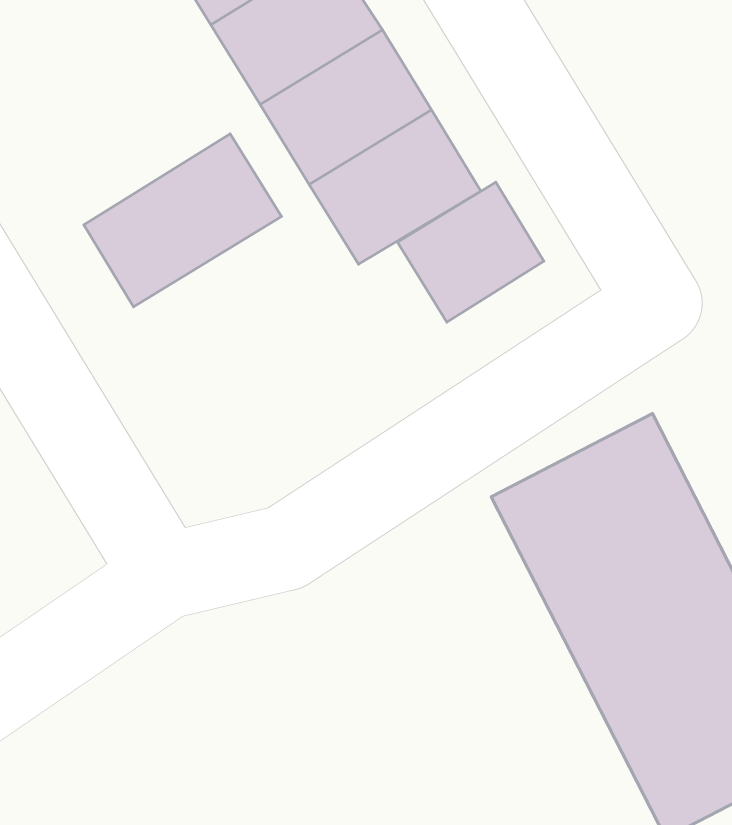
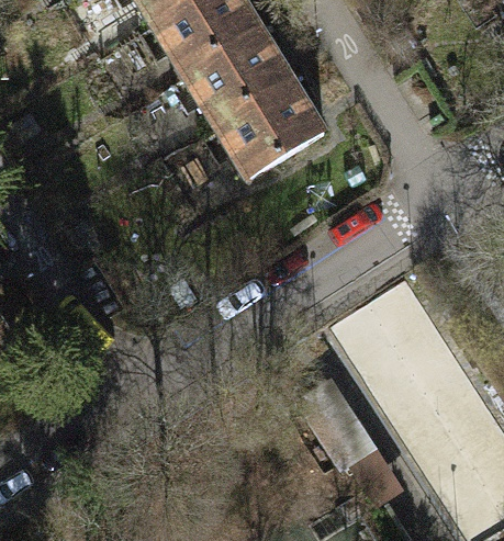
building: [84,134,282,307] -> none
building: [398,182,544,322] -> none

